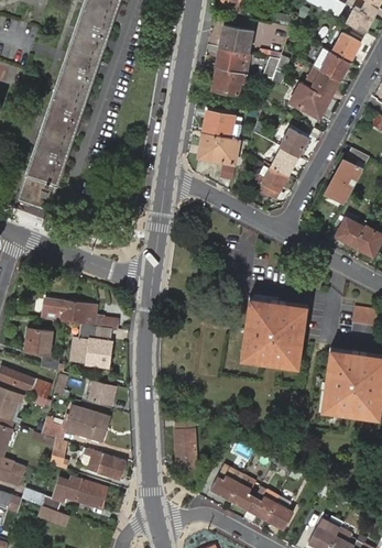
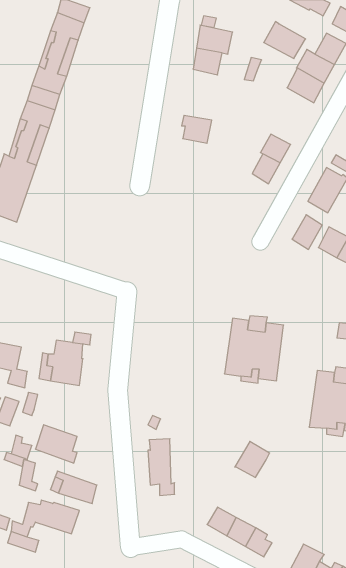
building: [210,67,244,95] -> none
building: [290,83,329,118] -> [264,22,306,59]
building: [197,132,237,164] -> none
building: [258,166,286,199] -> [292,215,322,249]
building: [42,298,92,324] -> none
building: [87,382,114,406] -> none
building: [208,465,241,500] -> [235,441,270,477]

